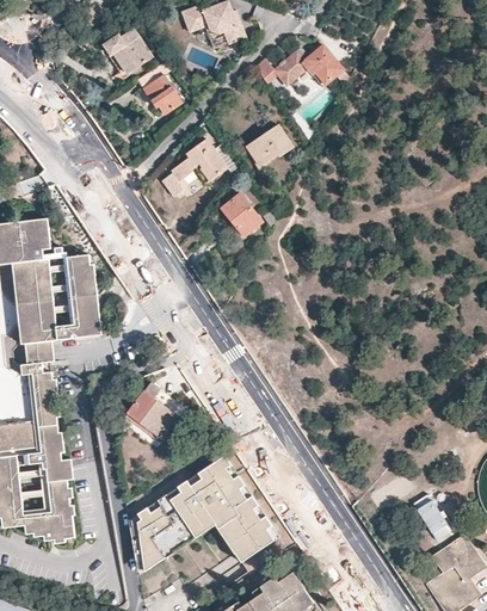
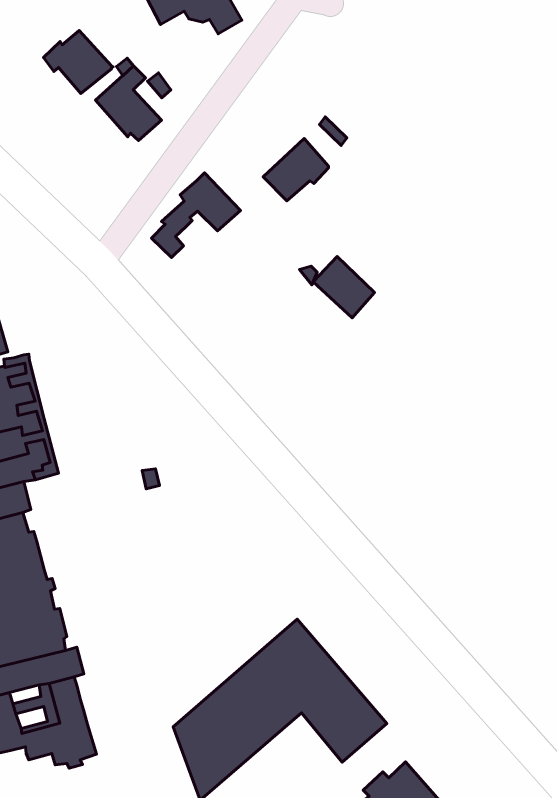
building: [254,47,341,87] -> none
building: [218,193,260,237] -> [313,256,374,318]
building: [64,254,99,337] -> none
building: [125,382,177,438] -> none

